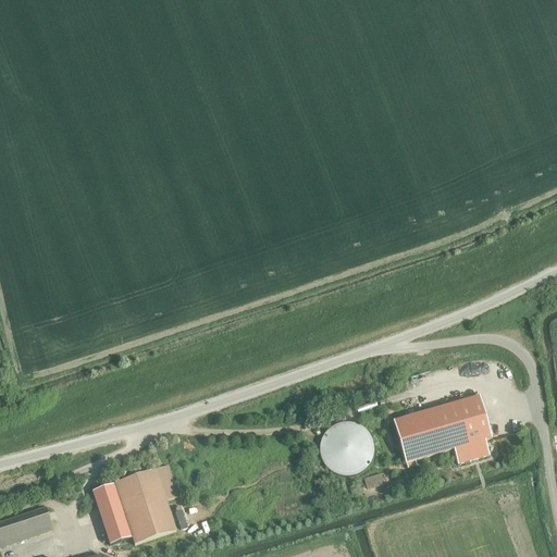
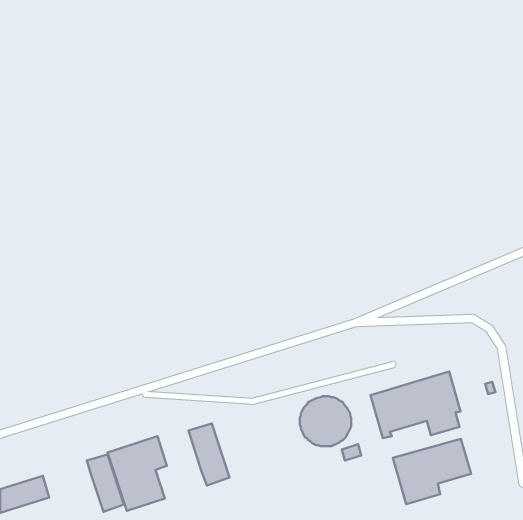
building: none -> [188,423,229,486]
building: none -> [393,439,471,504]

